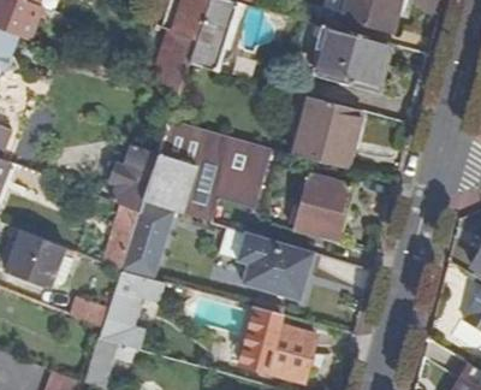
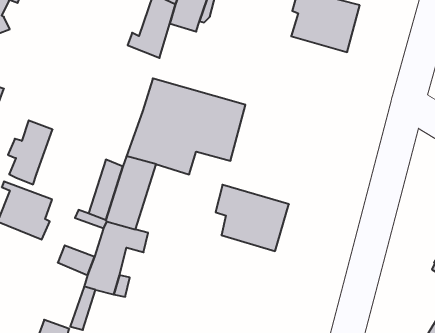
building: [292,95,361,167] -> none
building: [112,144,159,212] -> [8,120,53,184]
building: [293,175,350,241] -> none
building: [239,307,314,380] -> none

